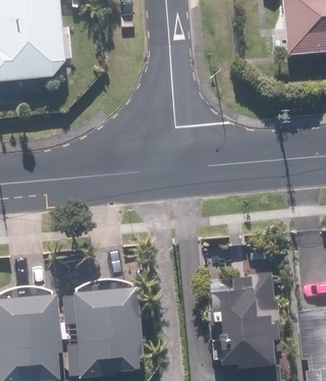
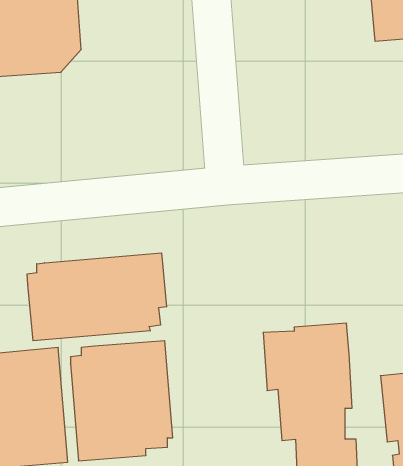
building: none -> [27,253,166,341]

